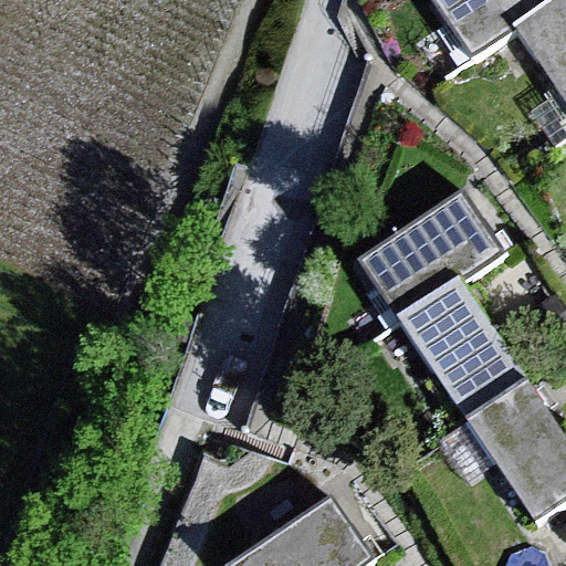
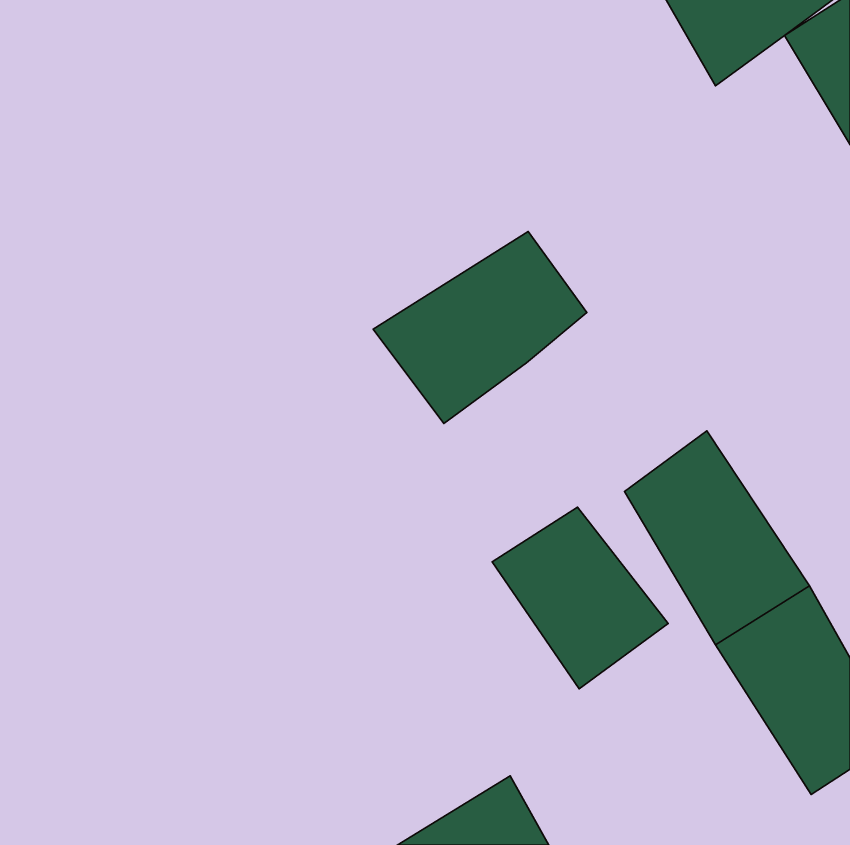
building: [364,197,504,323] -> [373,232,587,424]
building: none -> [492,507,668,689]

